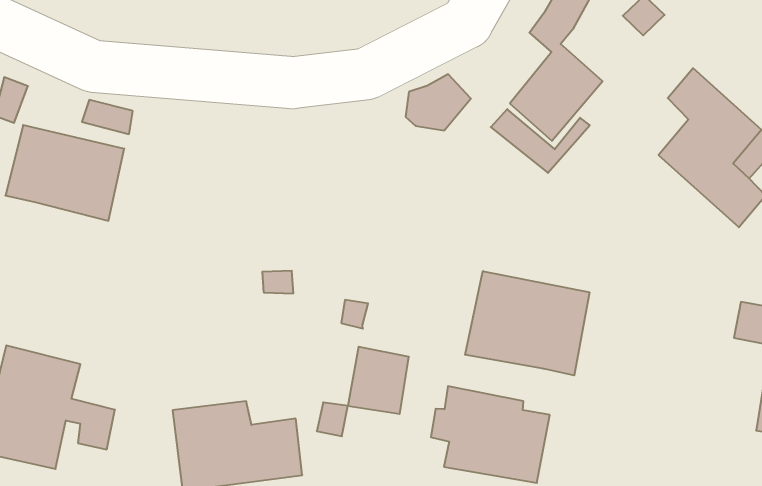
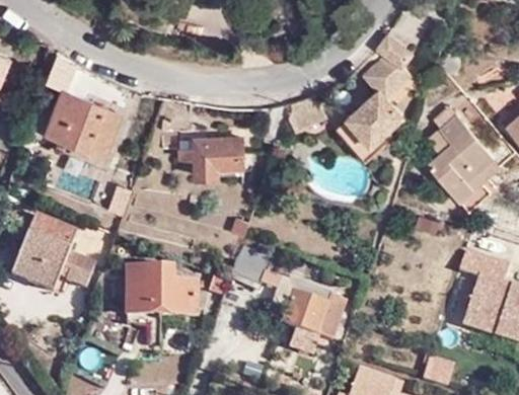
building: none -> [60,109,128,163]
building: none -> [180,133,243,175]
building: [465,271,589,375] -> none

